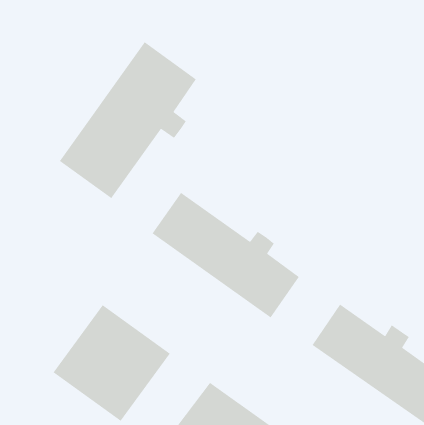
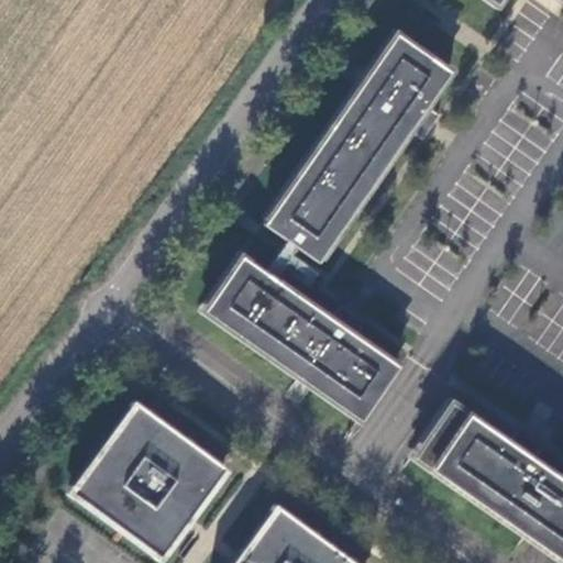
building: none -> [263,33,452,262]
building: [59,41,197,199] -> none

